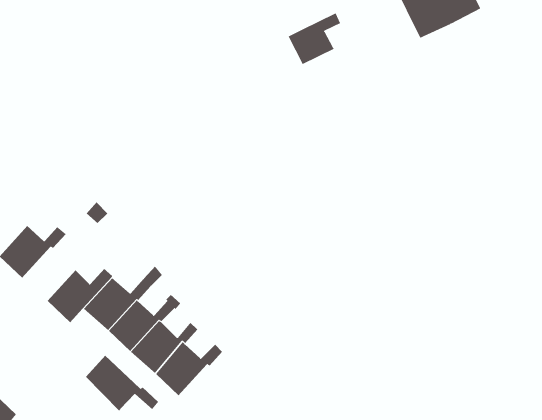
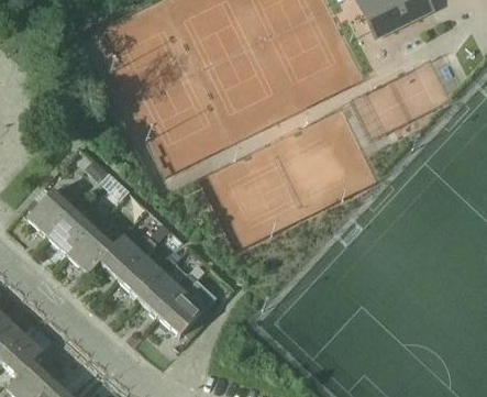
building: [288,12,341,65] -> none
building: none -> [46,209,104,254]
building: [85,355,159,411] -> none

